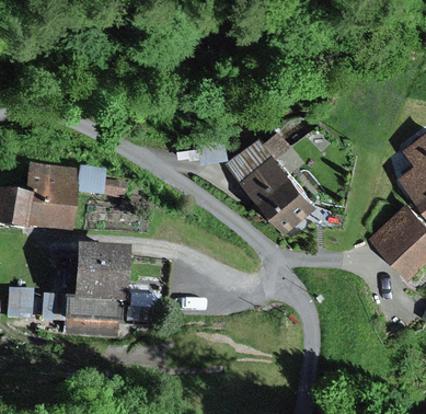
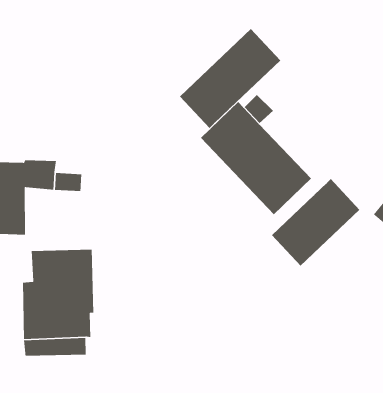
building: none -> [179,28,281,129]
building: none -> [271,178,360,267]

